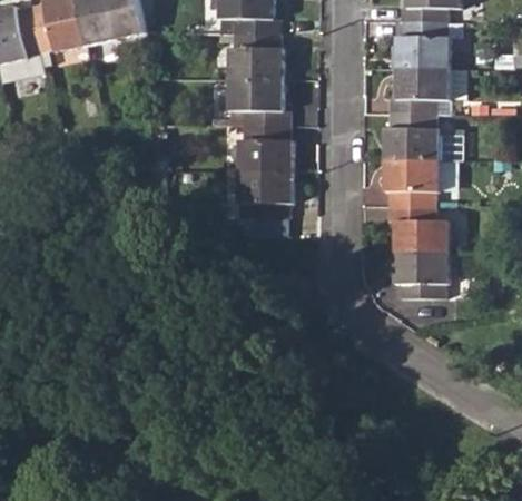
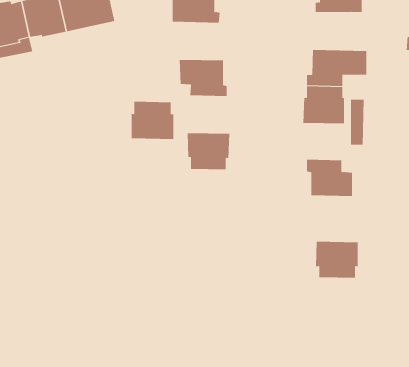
building: [395,20,459,68] -> none
building: [227,32,284,80] -> none
building: [237,125,292,173] -> [131,101,174,139]
building: [383,159,436,206] -> none
building: [392,250,446,297] -> [315,241,358,278]

